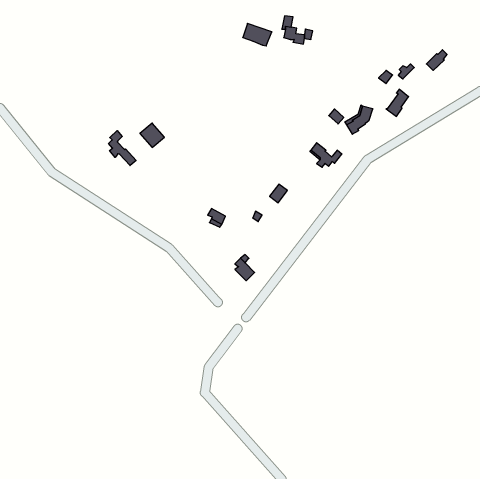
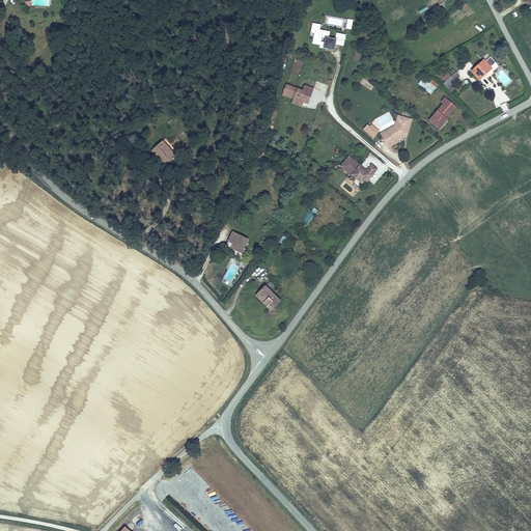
building: [243,23,272,46] -> [282,81,314,106]
building: [109,131,136,166] -> none

